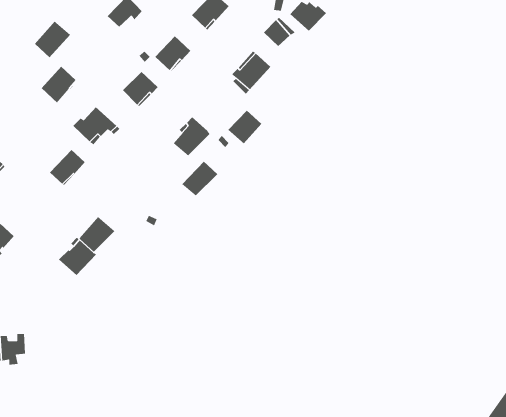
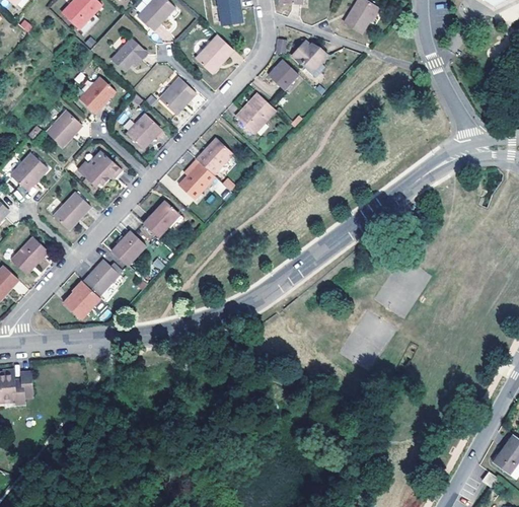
building: [34,21,71,58] -> [80,75,117,113]
building: none -> [11,151,48,190]
building: [228,110,262,144] -> [197,139,231,173]
building: [182,161,218,196] -> [144,201,180,236]
building: none -> [112,231,146,266]
building: none -> [12,236,50,274]

